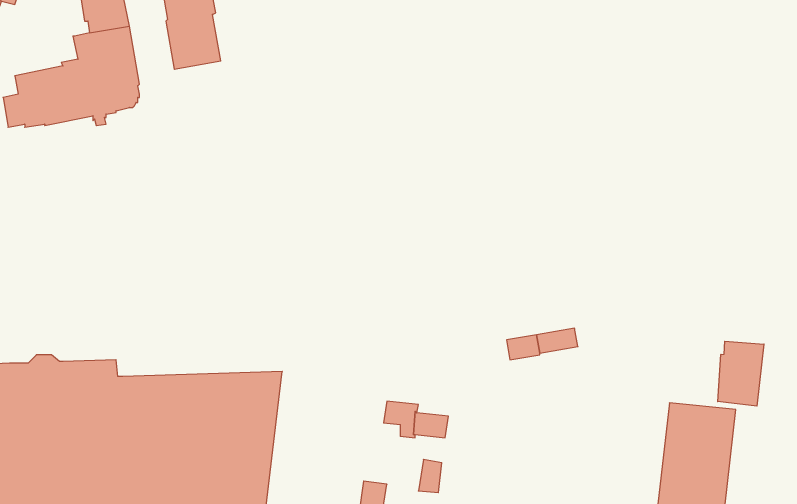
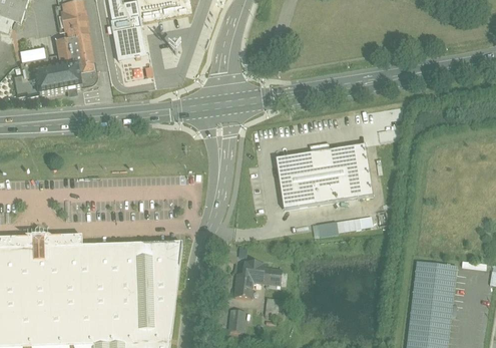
building: none -> [275,141,372,209]
building: [718,341,764,406] -> none
building: none -> [233,273,253,298]

